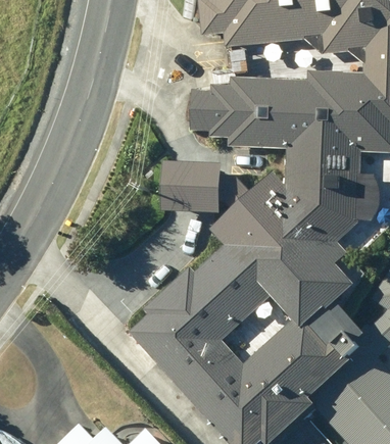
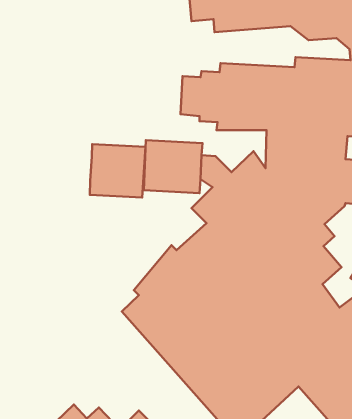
building: none -> [90,144,145,198]

